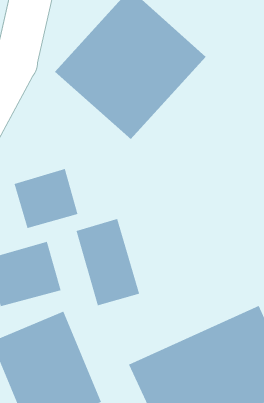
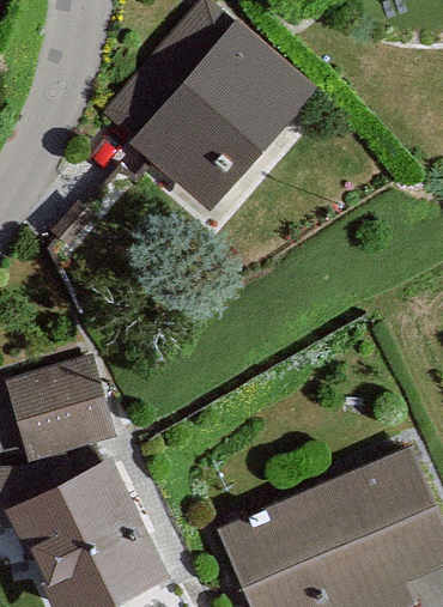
building: [14,168,78,229] -> none
building: [76,218,140,306] -> none

